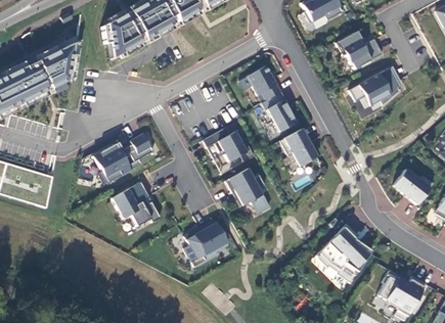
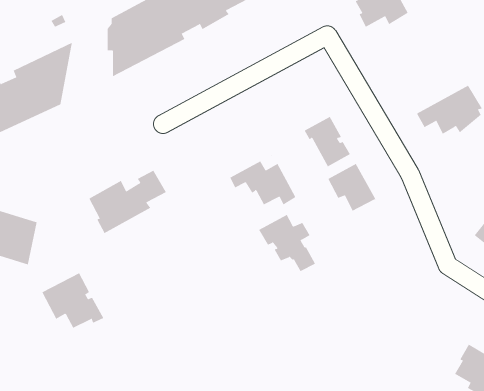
building: [336,31,383,68] -> none
building: [247,65,281,100] -> none
building: [112,182,161,226] -> [42,272,104,329]
building: [183,219,228,267] -> none
building: [313,224,372,283] -> none

